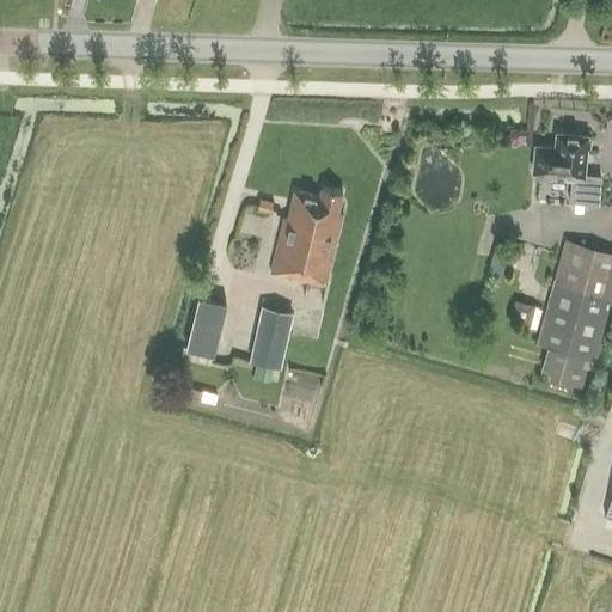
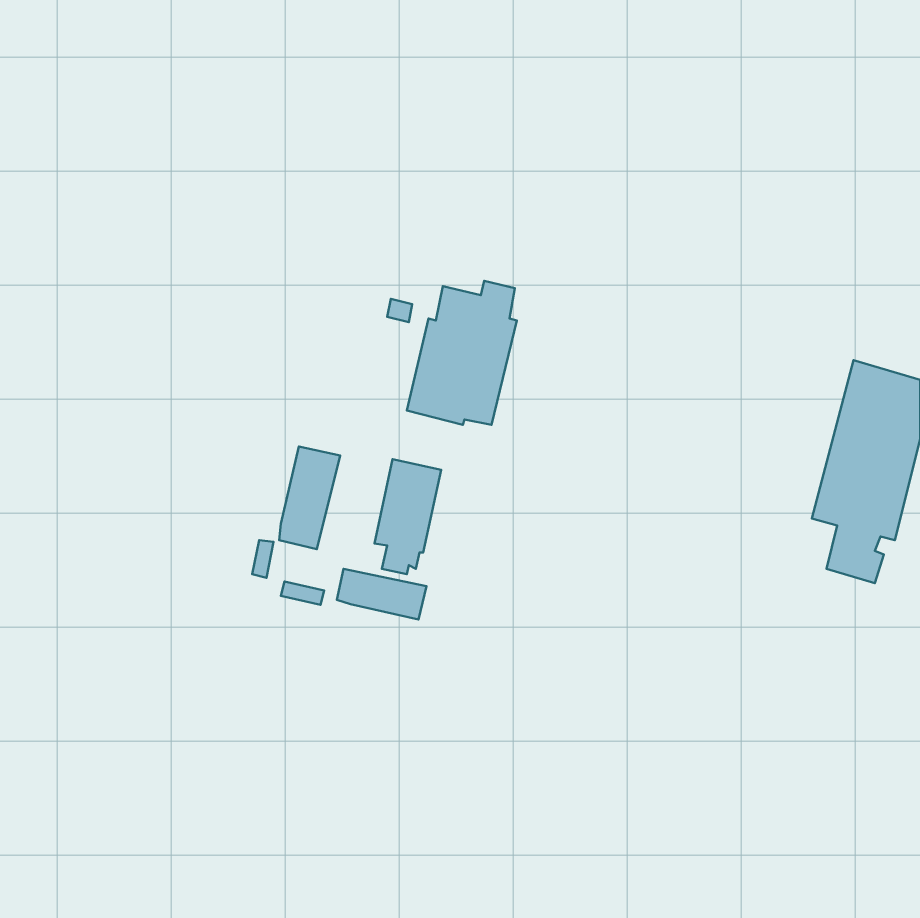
building: [533,135,601,206] -> none
building: none -> [337,569,426,619]

